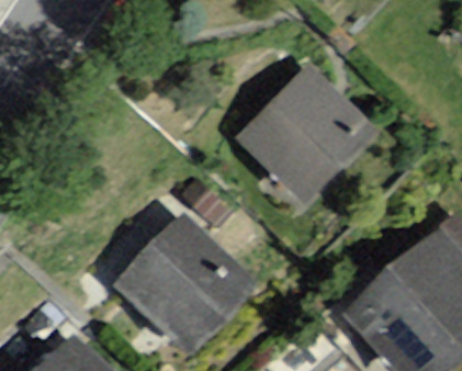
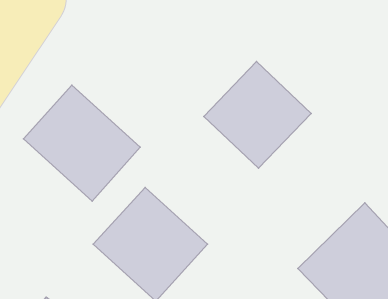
building: none -> [24,85,140,201]

